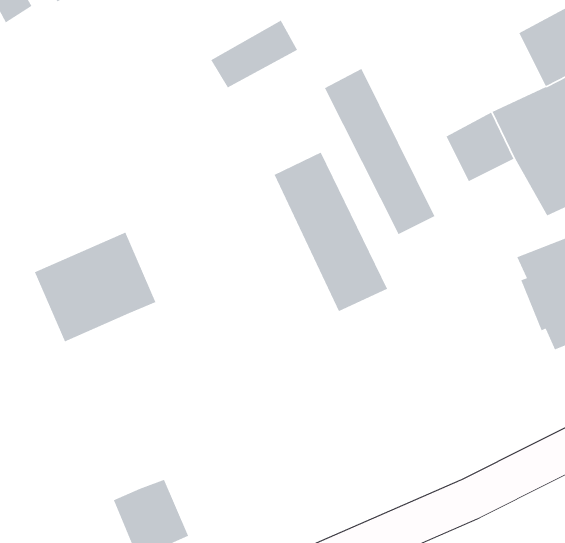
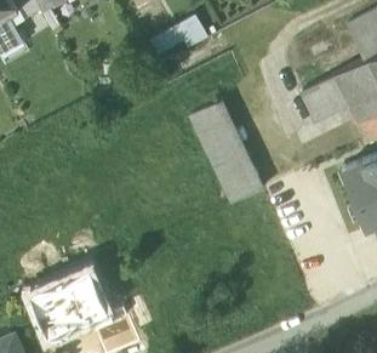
building: [324,68,435,235] -> none
building: [34,232,156,343] -> [29,271,107,341]

